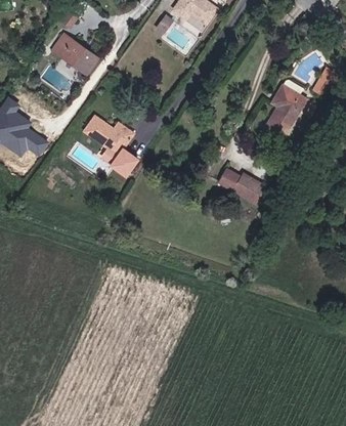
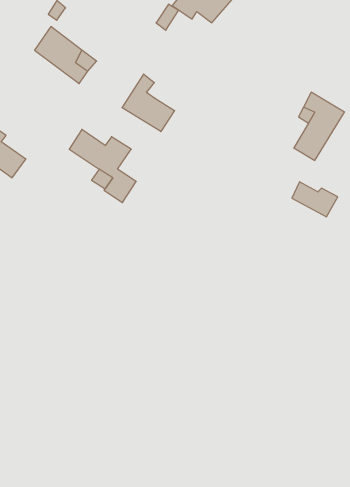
building: none -> [122,74,175,132]
building: [222,170,260,199] -> [292,182,338,217]

